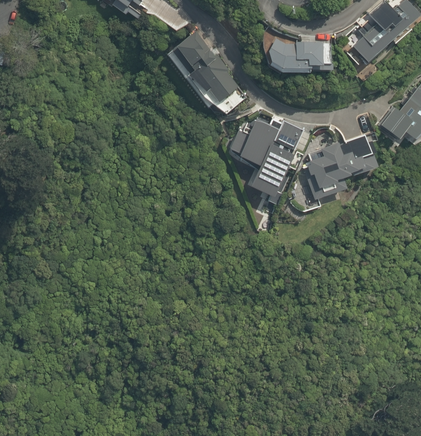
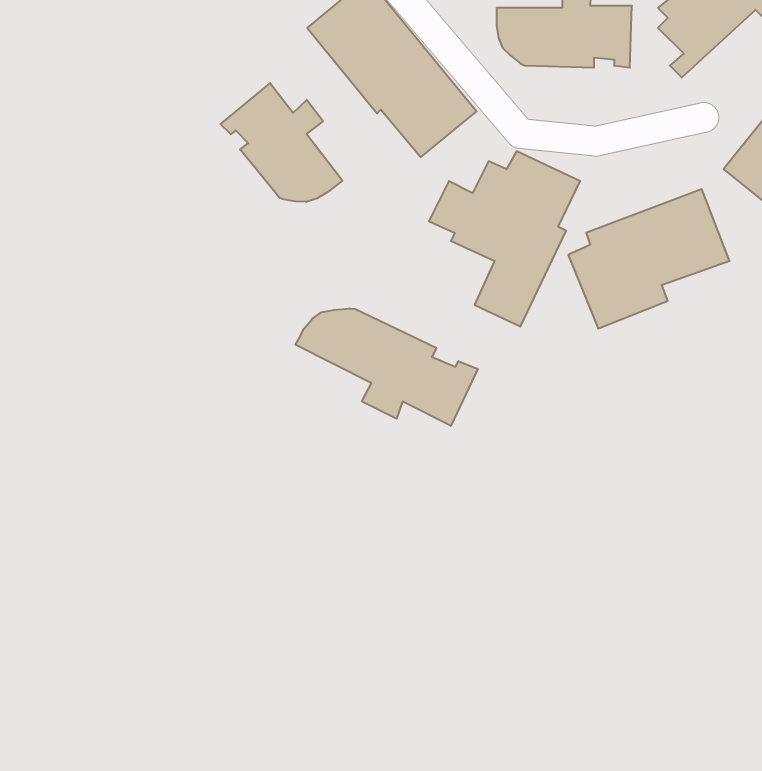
building: none -> [220,83,342,202]
building: none -> [296,308,478,426]

